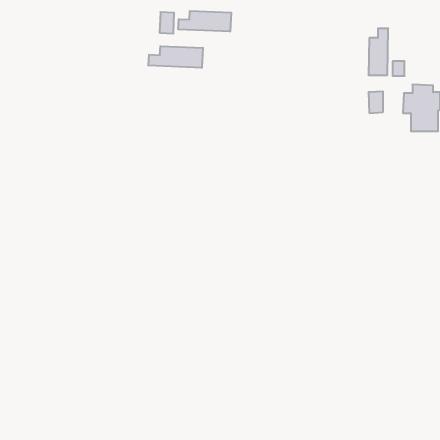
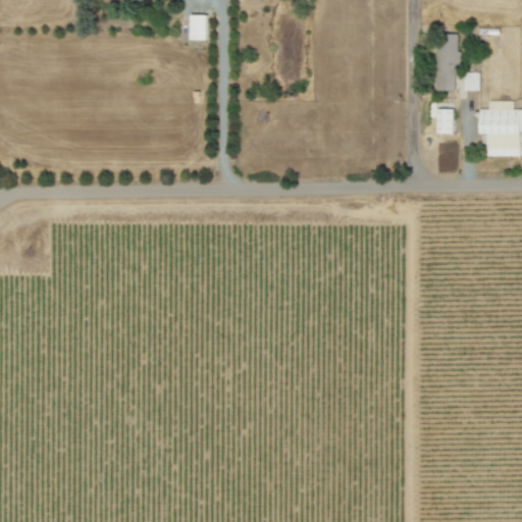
building: [178,11,231,32] -> none
building: [148,46,203,68] -> none

